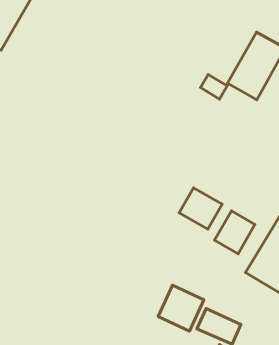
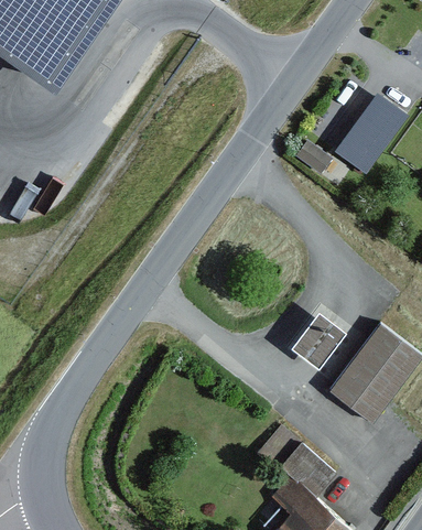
building: [179,188,222,229] -> none
building: [158,285,204,331] -> none

